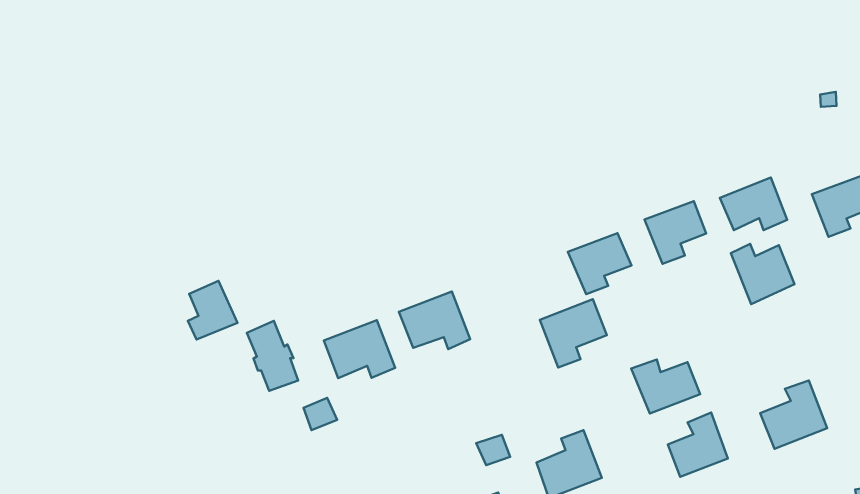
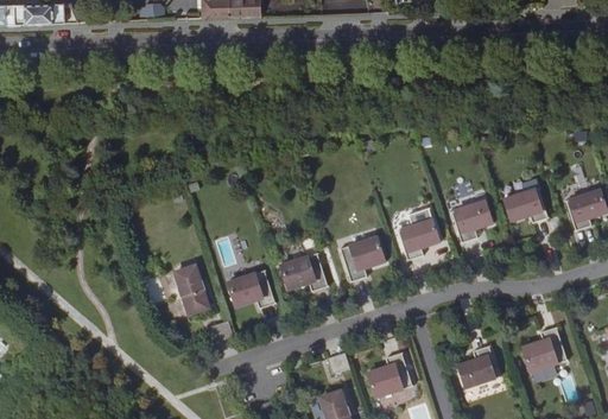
building: [731,244,794,304] -> none
building: [188,281,237,340] -> none
building: [540,299,607,367] -> [340,235,385,280]
building: [631,360,700,414] -> none

